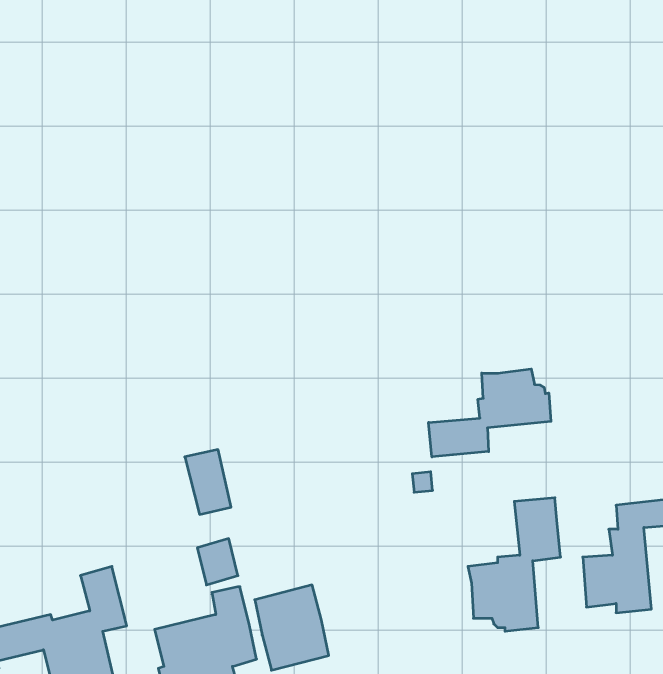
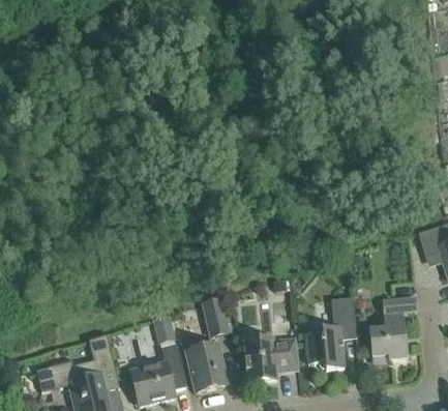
building: [429,369,551,457] -> none
building: [185,450,231,514] -> [203,299,229,335]
building: none -> [244,337,299,381]

